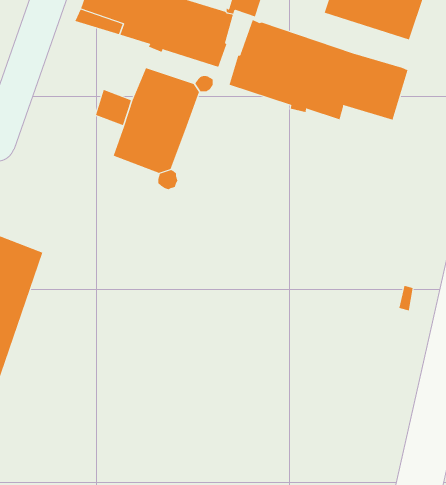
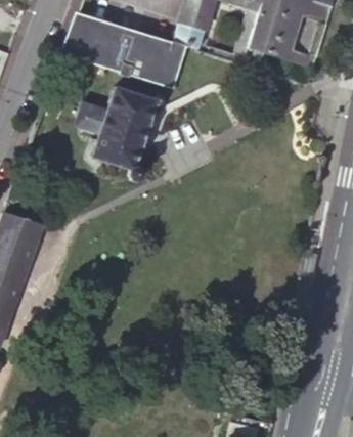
building: [229,19,408,120] -> none

